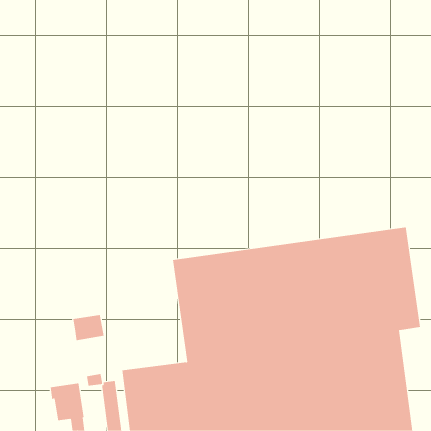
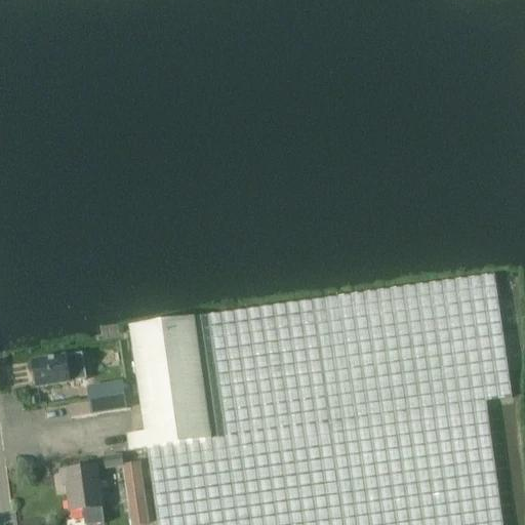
building: none -> [127,316,227,452]
building: none -> [31,355,87,389]

